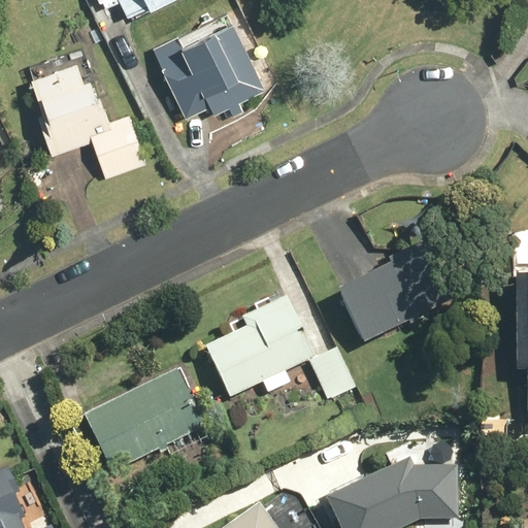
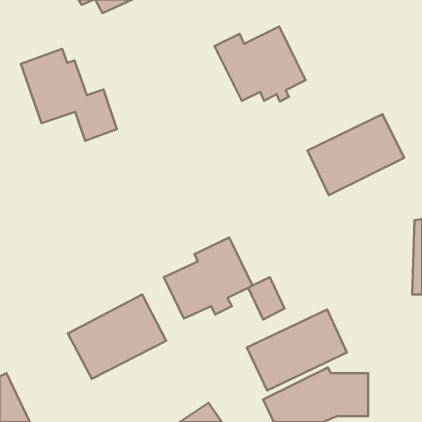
building: [151,21,264,114] -> [215,26,306,102]
building: [337,243,458,344] -> [307,114,404,195]
building: none -> [247,310,347,391]

